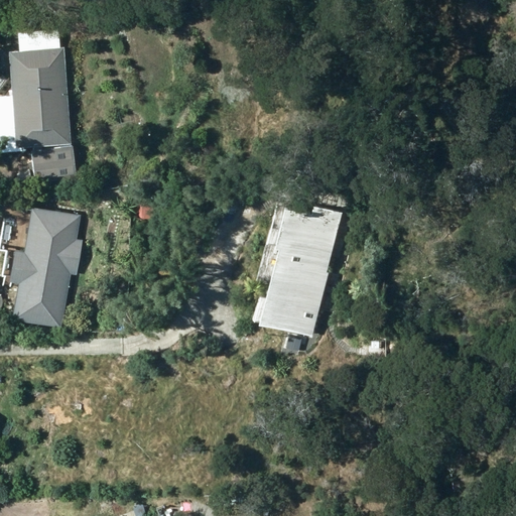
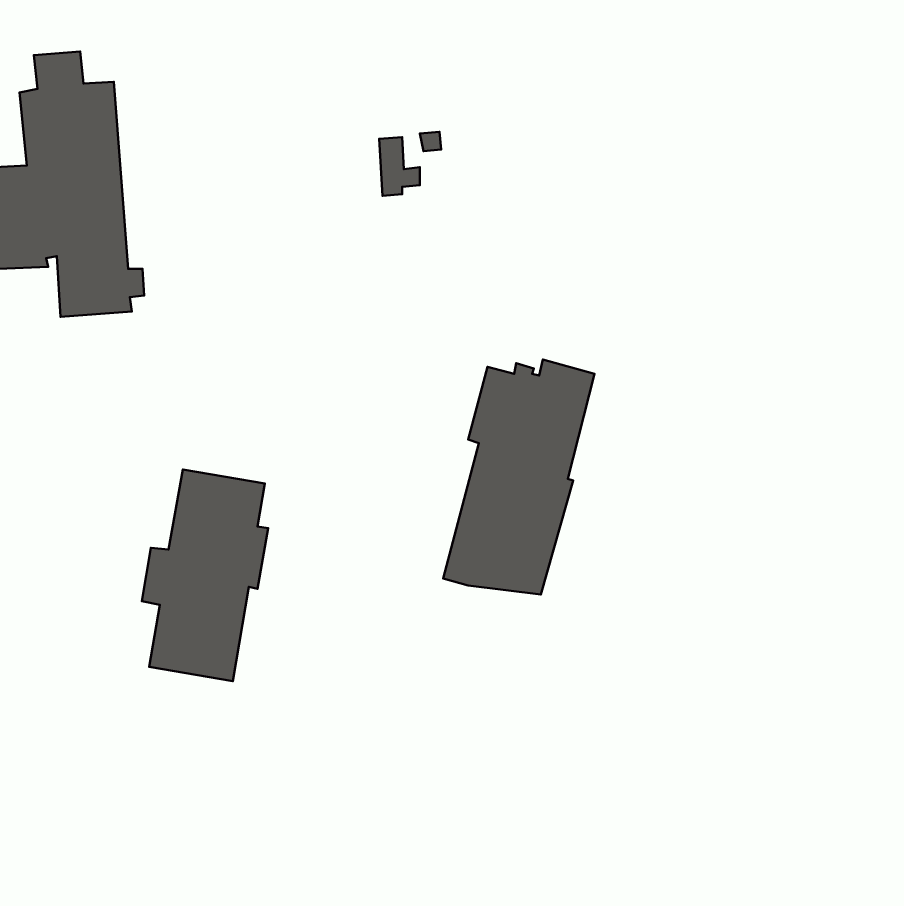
building: [10,207,82,327] -> [142,469,268,681]

